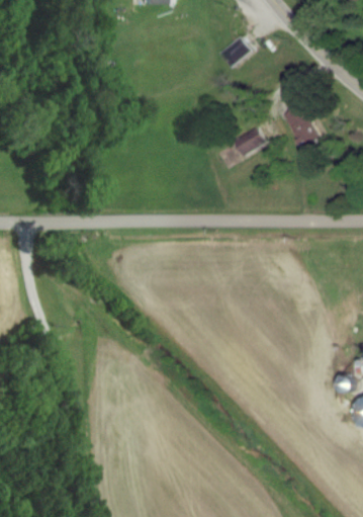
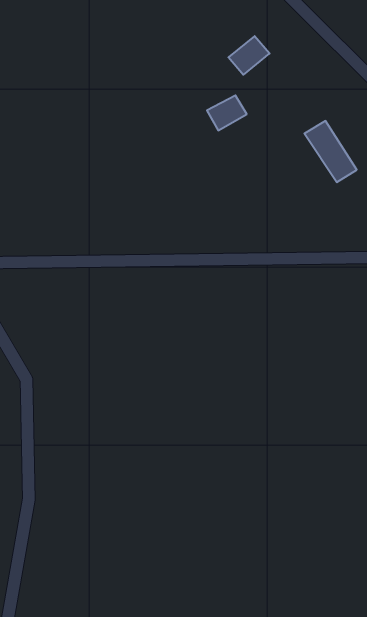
building: [232,126,264,155] -> [207,95,247,130]

